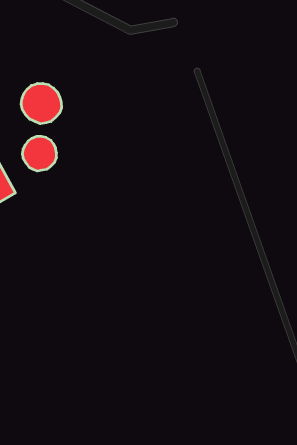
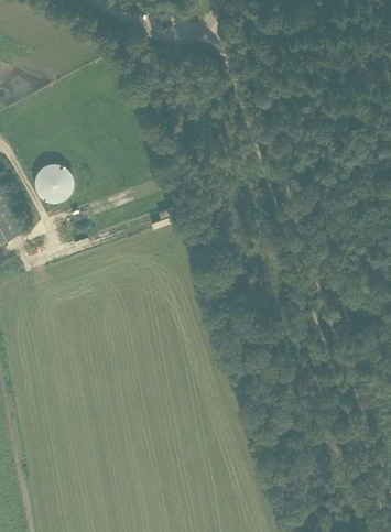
building: [21,83,61,124] -> none

